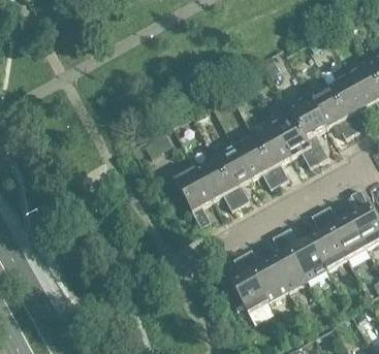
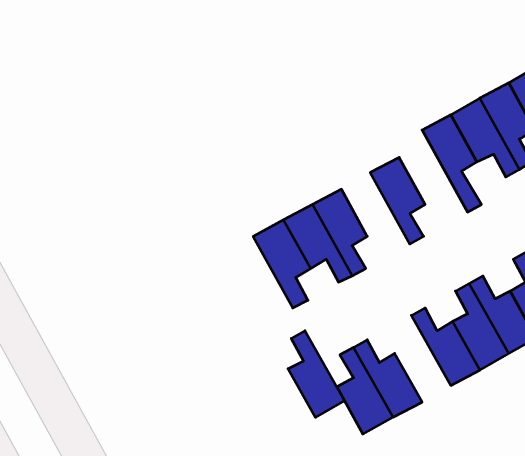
building: [274,106,320,167] -> none
building: [234,135,281,189] -> none
building: [271,232,309,291] -> [288,331,344,417]

